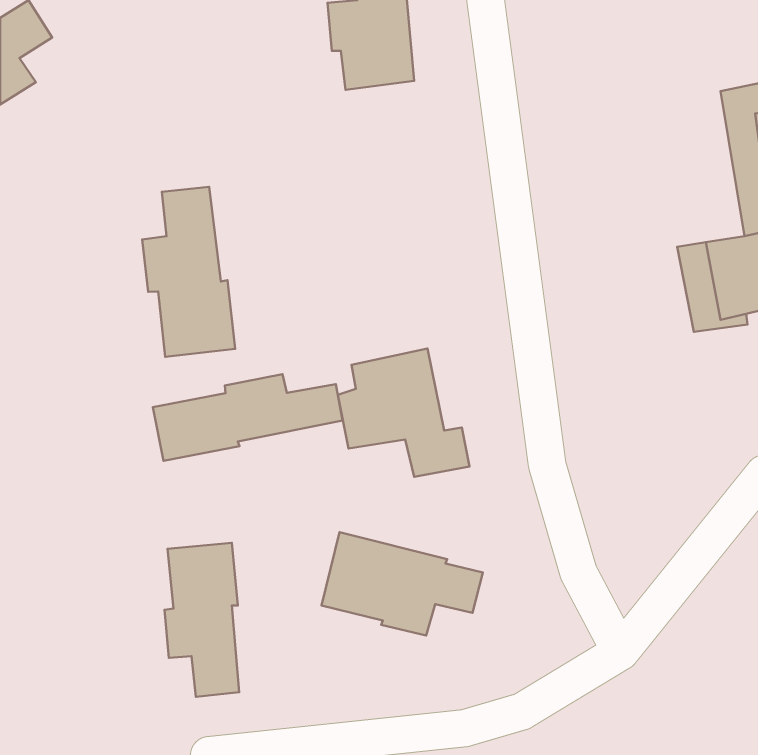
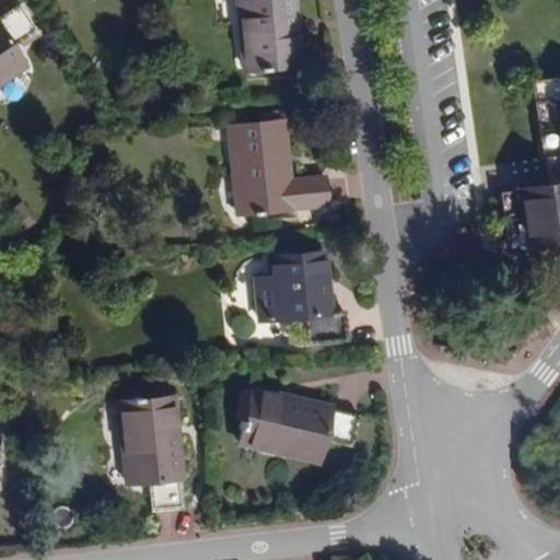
building: none -> [230,117,331,211]
building: [142,187,235,357] -> none
building: [153,374,343,461] -> none

